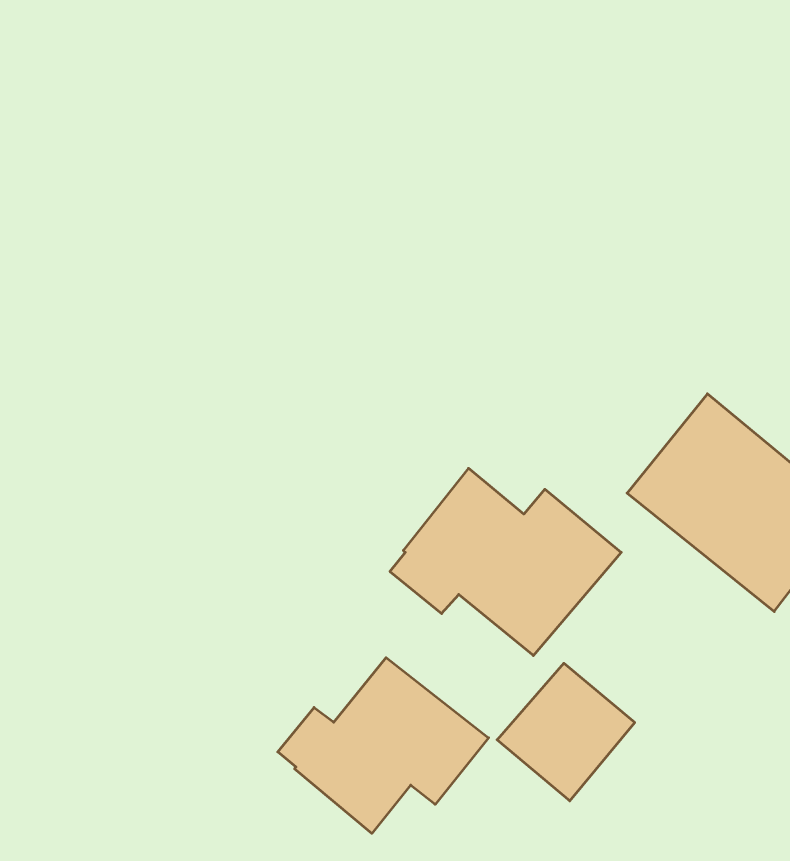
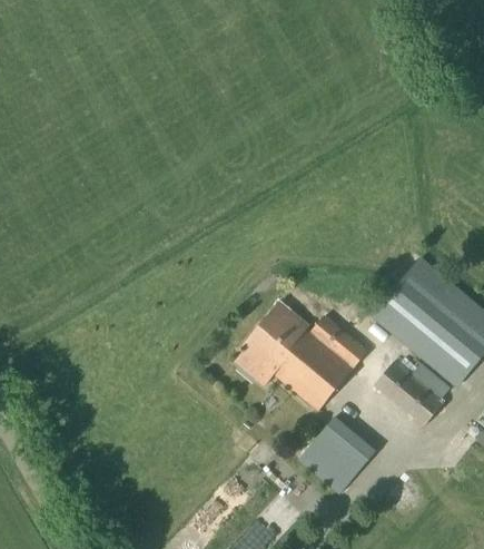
building: none -> [374,352,444,425]
building: [278,658,489,833] -> none

